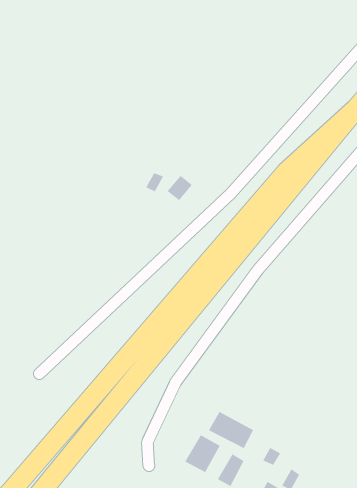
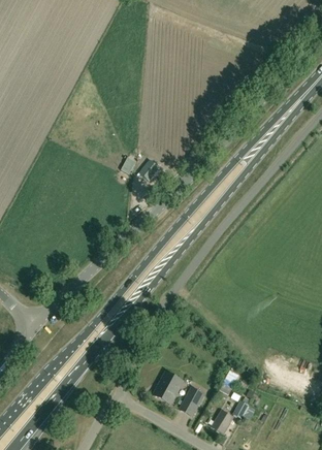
building: [208,411,254,449] -> none

